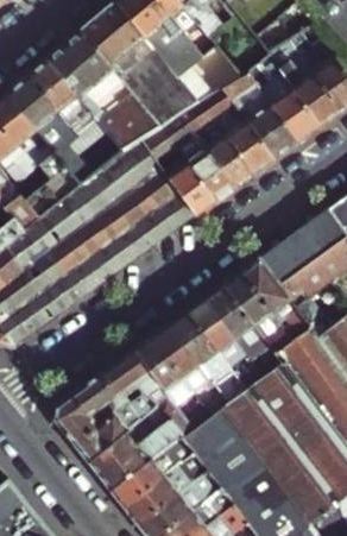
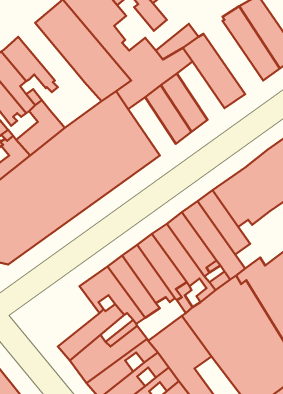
building: [248,56,320,144] -> none
building: [26,58,96,135] -> none
building: [216,105,273,175] -> none
building: [64,130,126,184] -> none
building: [158,147,215,217] -> none
building: [53,374,124,447] -> none

